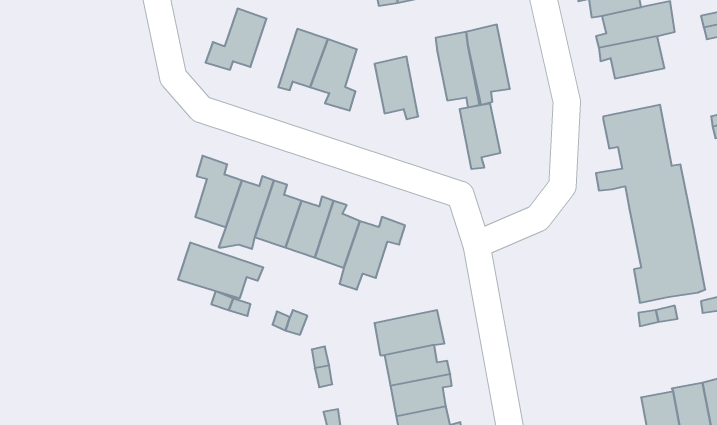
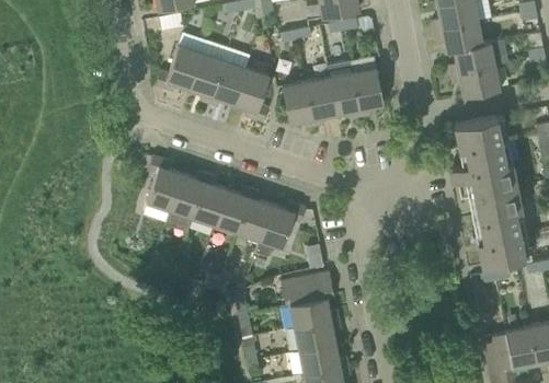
building: none -> [190,53,225,104]
building: [460,103,500,169] -> [307,77,338,126]
building: [178,242,263,298] -> none

